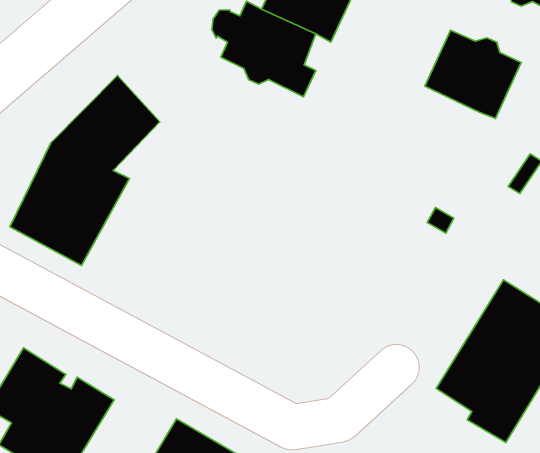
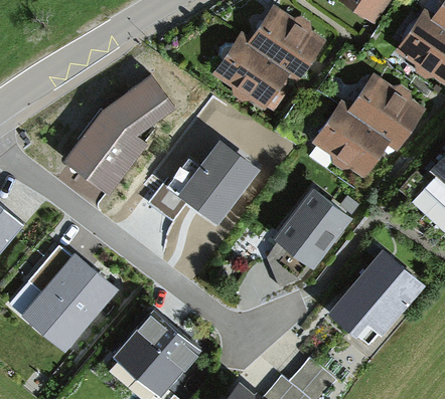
building: none -> [321,108,387,171]
building: none -> [149,144,258,227]
building: none -> [267,190,353,286]

